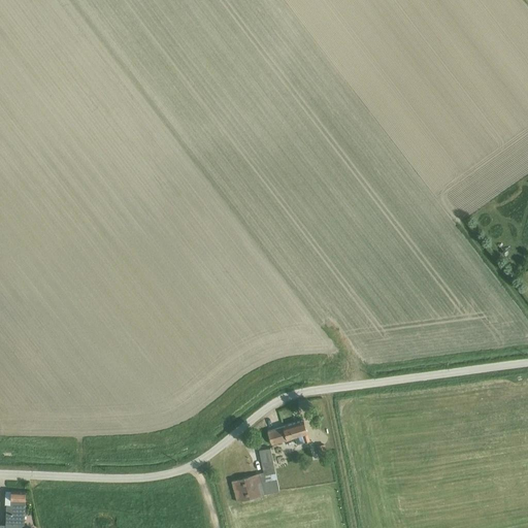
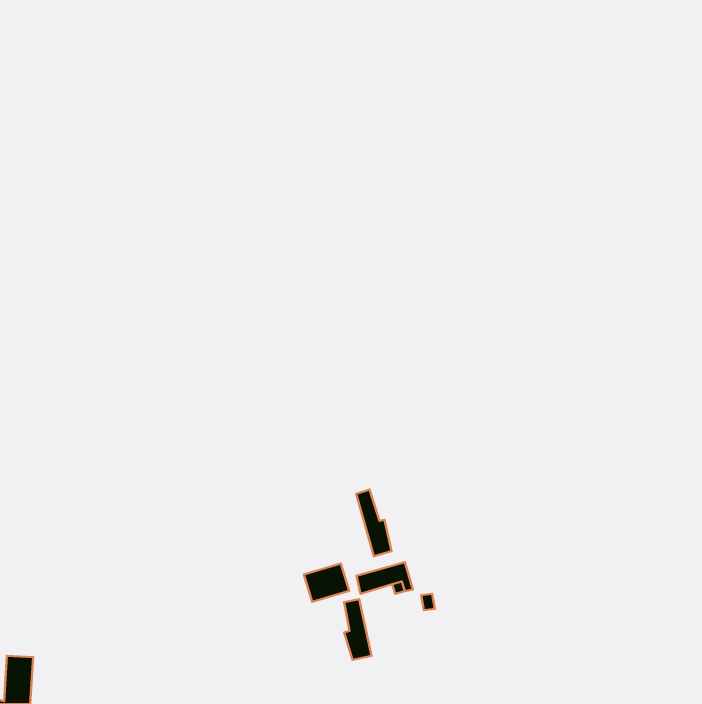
building: none -> [356,489,391,556]
building: [230,473,264,502] -> [304,563,349,602]

